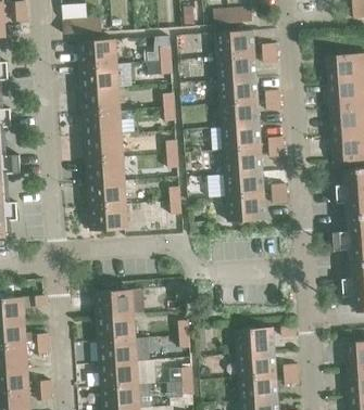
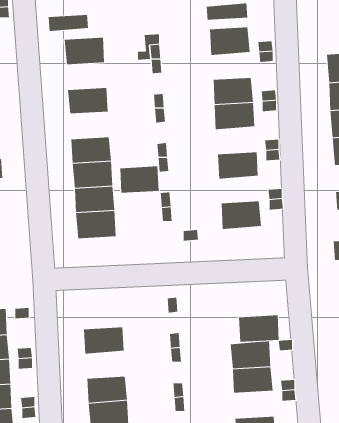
building: [217,53,256,79] -> none
building: [80,63,120,89] -> none
building: [84,110,122,136] -> [119,166,159,193]
building: [222,124,262,150] -> none
building: [225,170,264,196] -> none
building: [95,289,135,316] -> none
building: [98,336,137,362] -> none
building: [239,374,278,400] -> [238,315,280,342]

